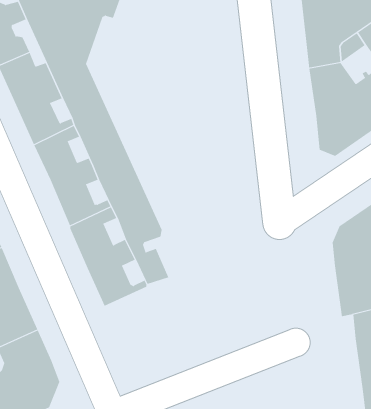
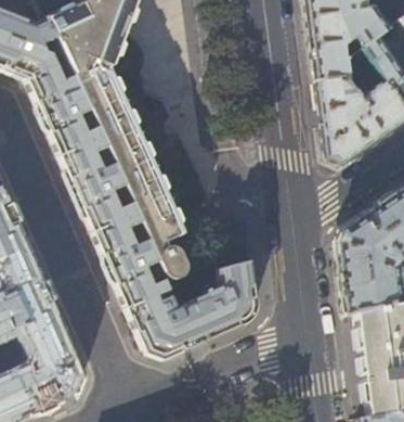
building: none -> [128,257,259,354]

